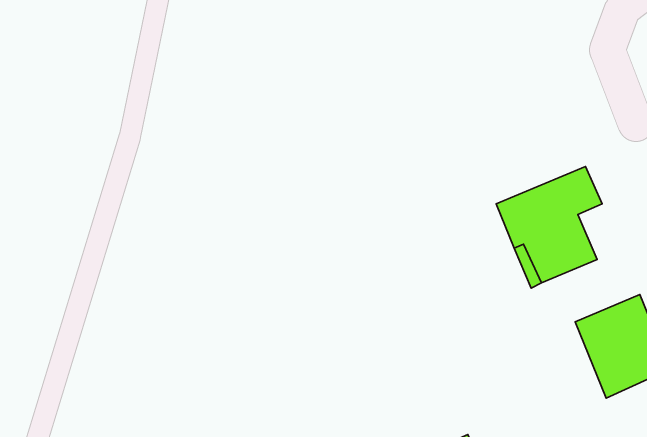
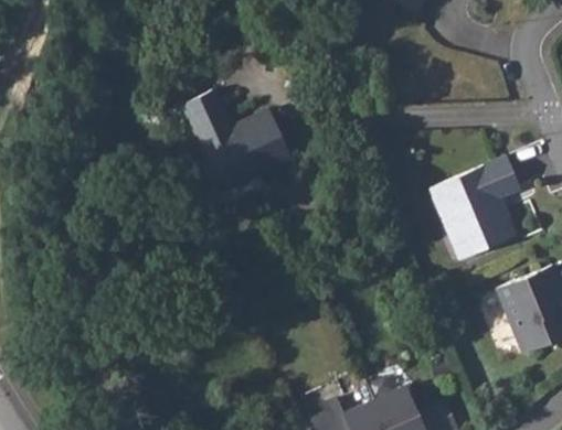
building: none -> [182,89,291,191]

